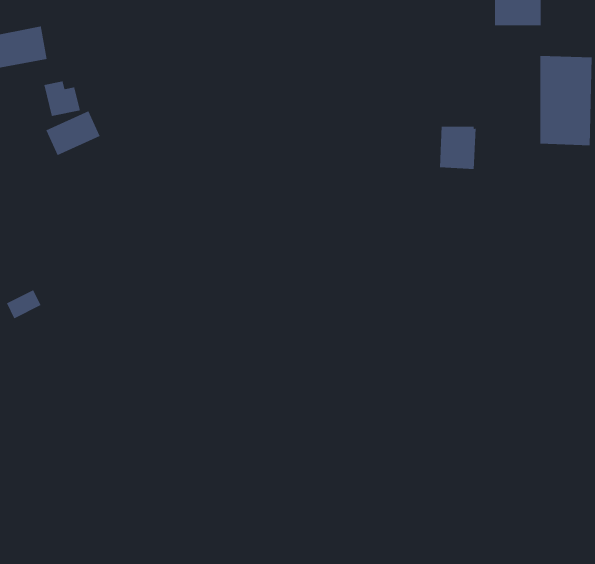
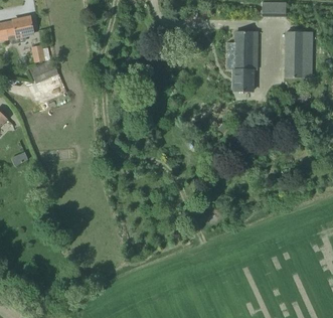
building: none -> [234,29,253,67]

